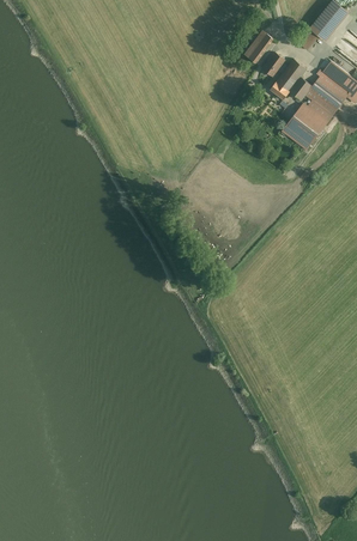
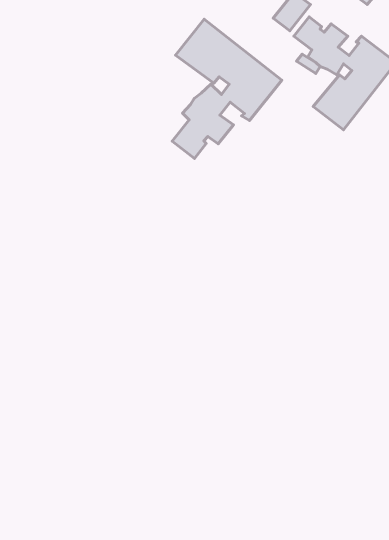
building: none -> [172,19,282,158]

